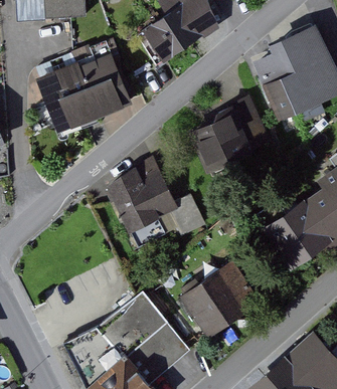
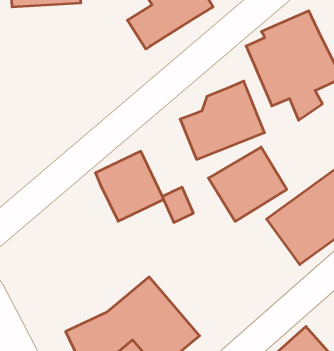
building: [42,53,130,129] -> none
building: [179,263,256,336] -> [208,147,287,221]

